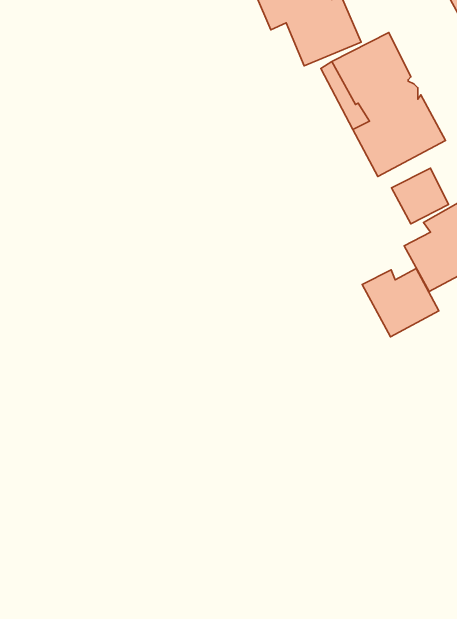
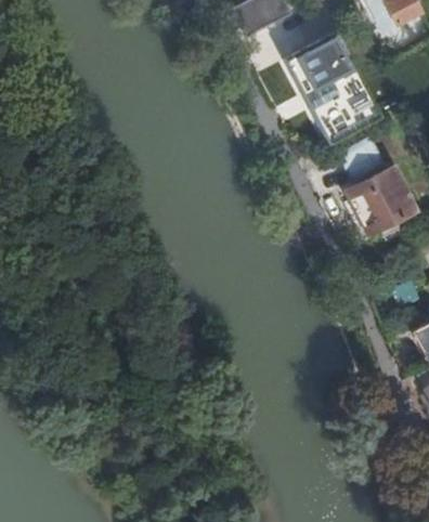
building: [362,268,439,337] -> none

